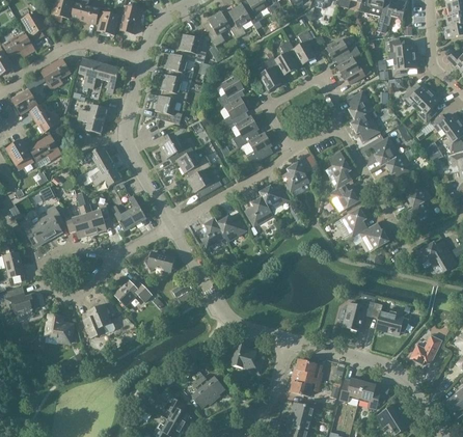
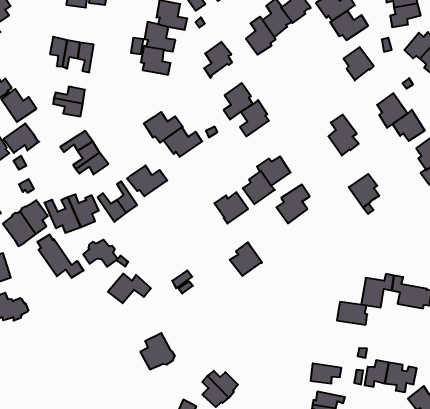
building: [40,58,71,89] -> none
building: [155,94,182,124] -> none
building: [222,97,249,130] -> none
building: [350,110,380,140] -> none
building: [281,158,312,192] -> [276,185,310,223]
building: [186,169,222,197] -> [127,165,167,196]
building: [329,184,358,211] -> none
building: [196,217,225,247] -> [230,242,262,276]
building: [359,223,389,252] -> none
building: none -> [37,234,84,278]
building: [145,250,176,275] -> [83,240,118,267]
building: [84,305,115,337] -> [140,333,175,369]
building: [47,315,74,343] -> none
building: [229,344,264,374] -> none
building: [294,359,322,382] -> [337,302,367,325]

